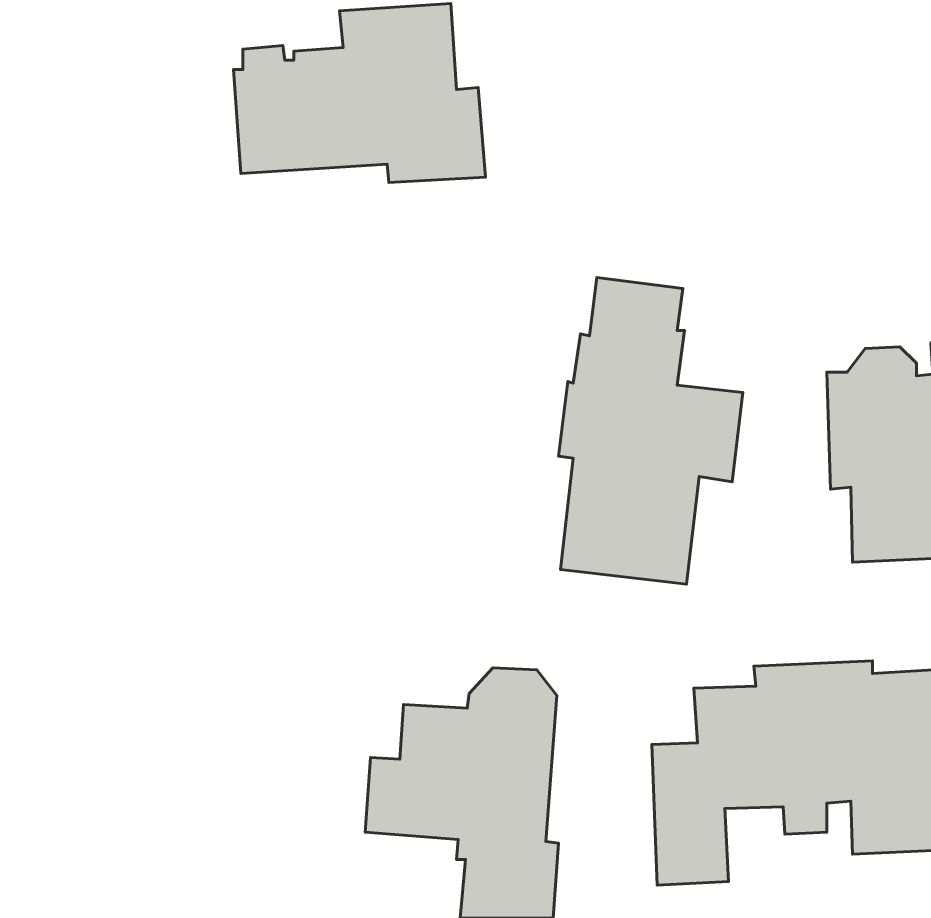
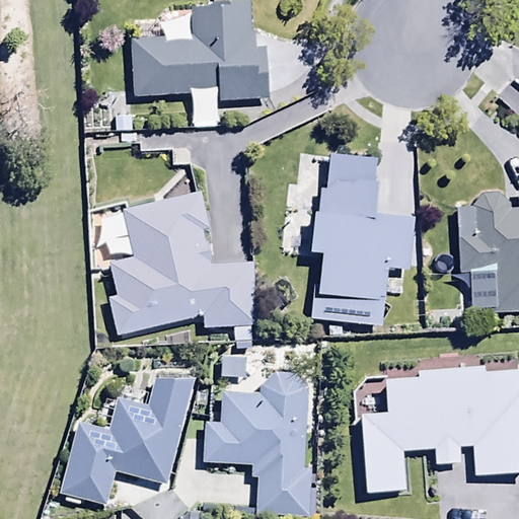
building: none -> [106,192,255,340]
building: none -> [60,379,196,505]

